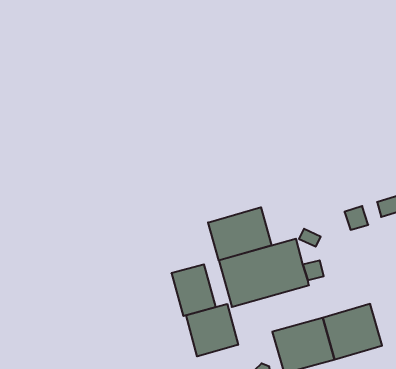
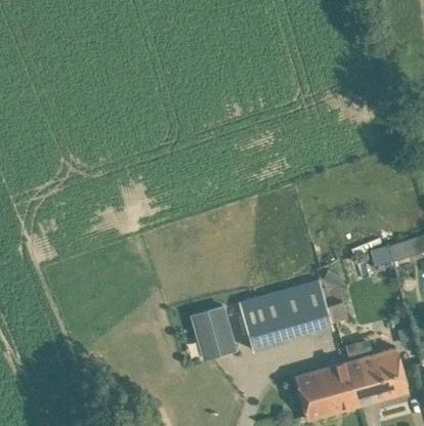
building: [208,207,272,260] -> none
building: [186,304,238,356] -> none

